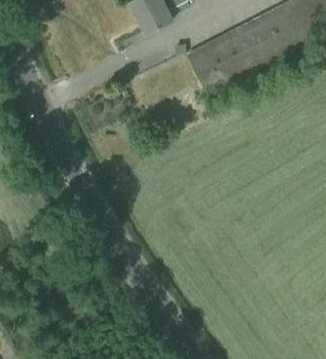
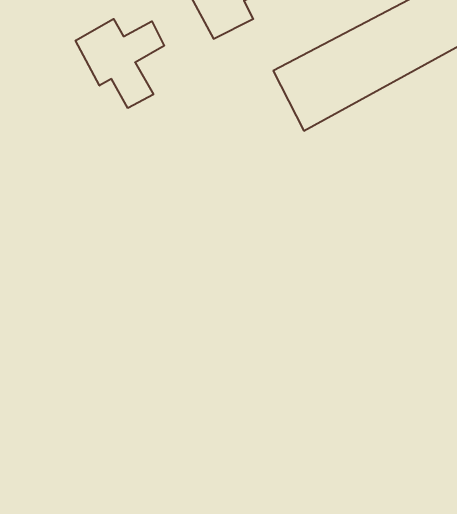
building: none -> [76,19,164,108]

